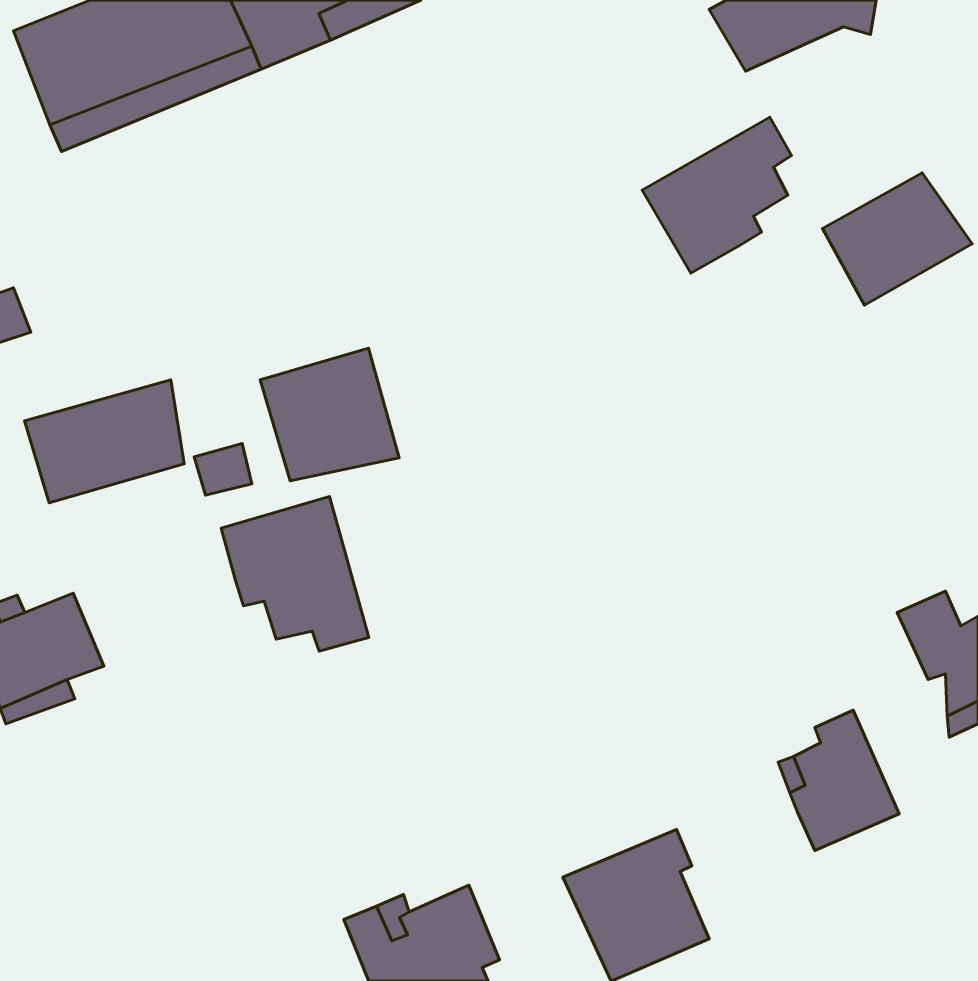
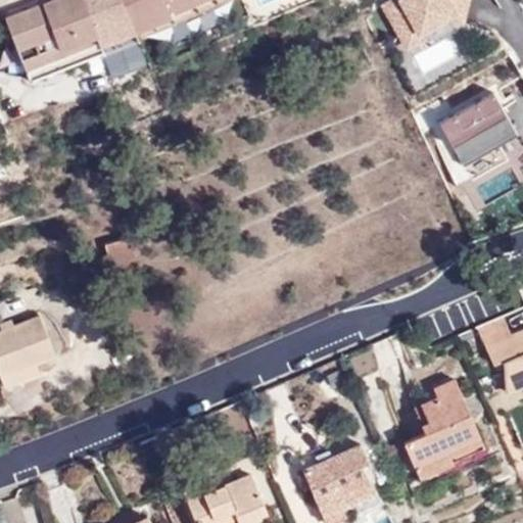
building: [642,117,792,273] -> none
building: [260,348,399,481] -> none
building: [24,380,184,503] -> none
building: [221,496,369,651] -> none
building: none -> [405,432,483,474]

